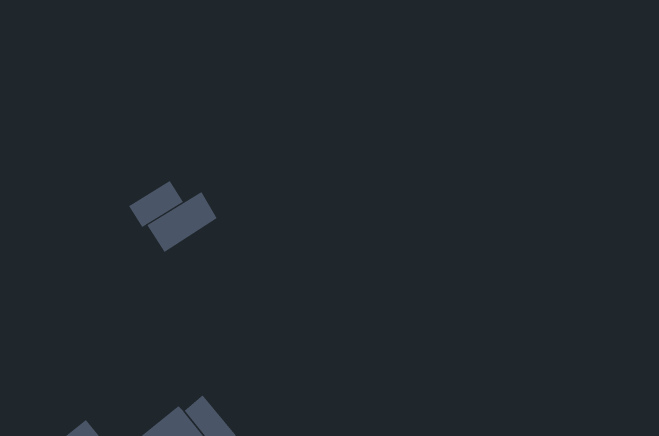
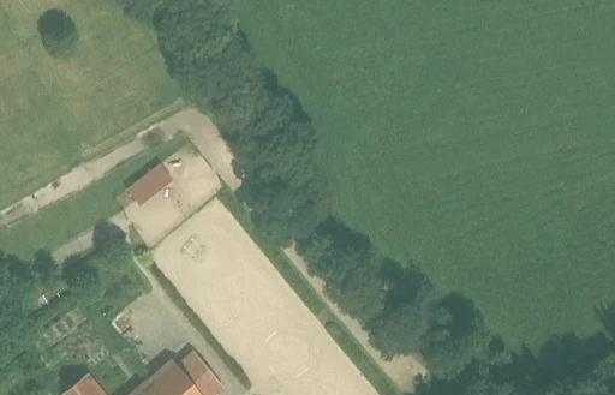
building: [147,191,218,253] -> none

